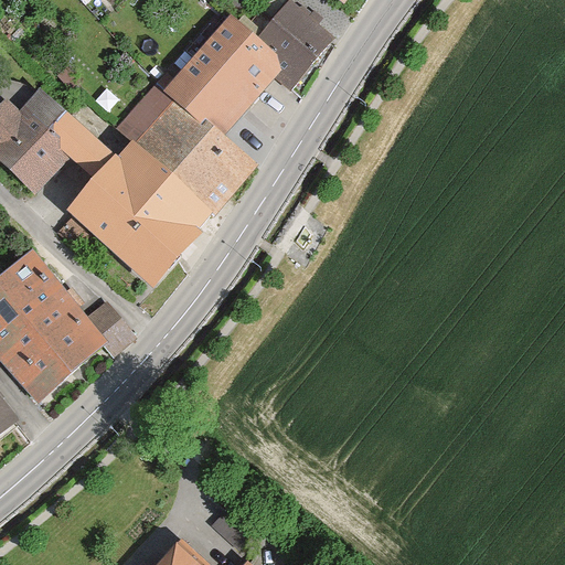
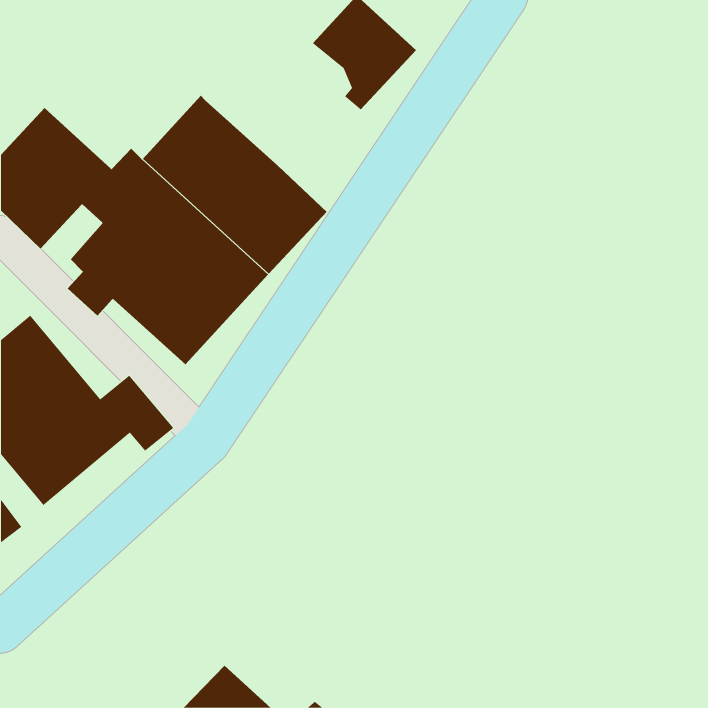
building: [167,13,281,131] -> none

